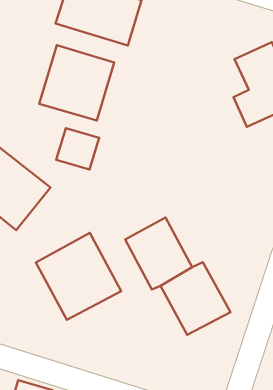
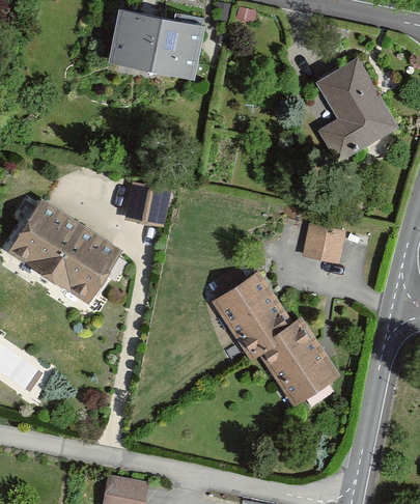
building: [39,45,114,121] -> none
building: none -> [304,225,343,261]
building: [36,233,121,320] -> none

